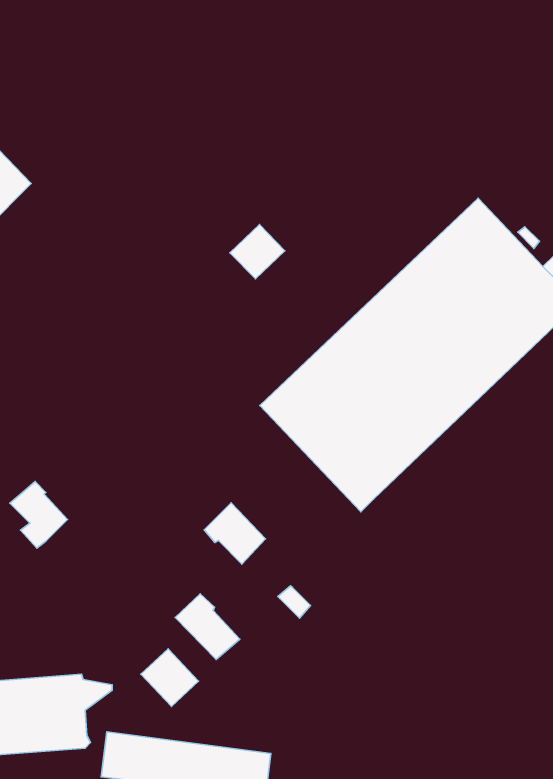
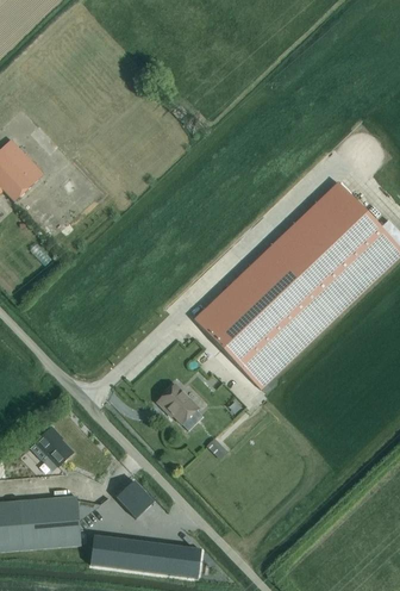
building: [230,225,285,279] -> none
building: [10,482,68,548] -> [35,427,73,471]
building: [175,594,240,659] -> none

